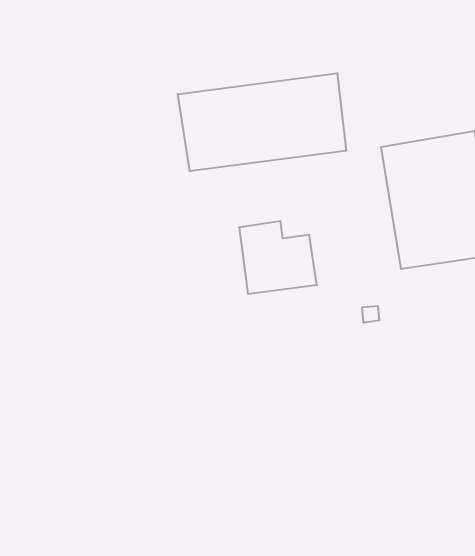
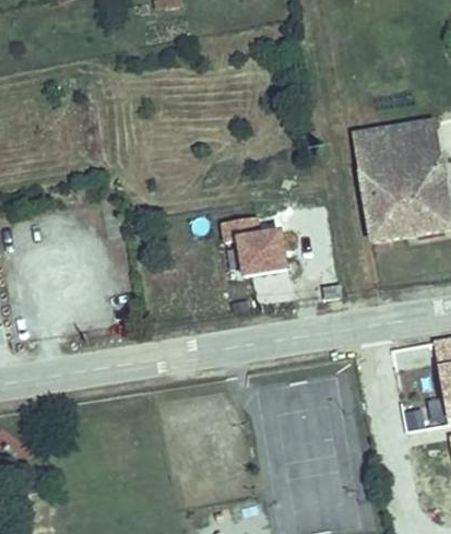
building: [178,73,346,171] -> none

